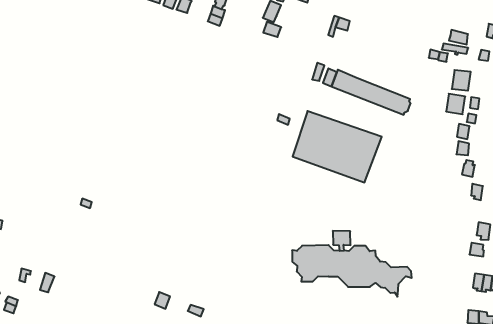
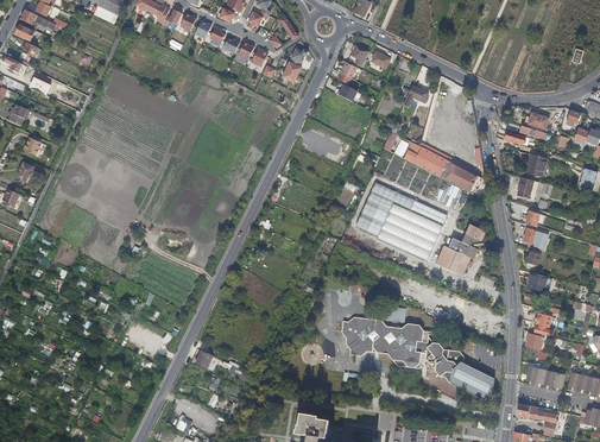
building: none -> [436,222,486,272]
building: none -> [447,360,493,399]

